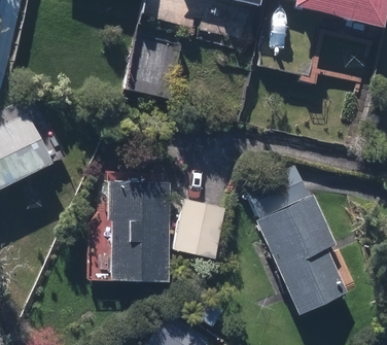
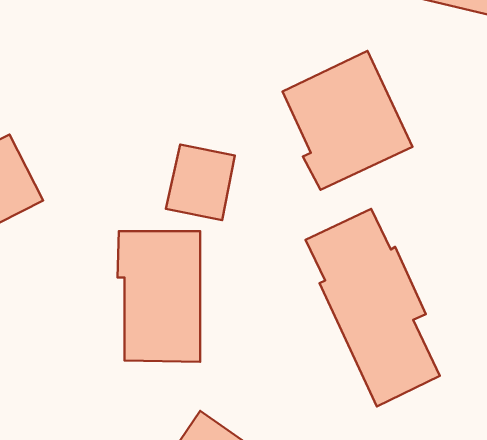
building: none -> [282,51,412,190]
building: [174,201,224,256] -> [166,144,235,220]

